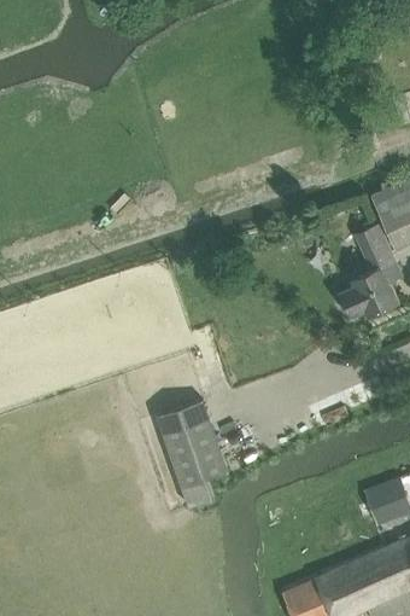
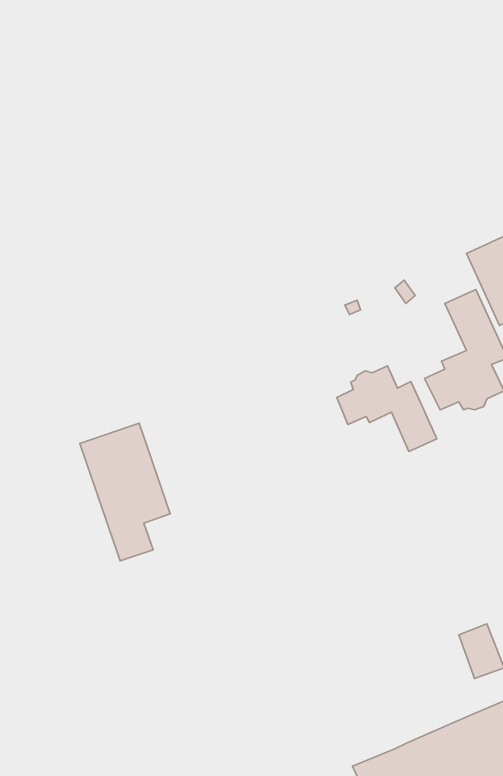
building: none -> [337,366,437,452]
building: [158,401,228,507] -> [80,423,170,561]

